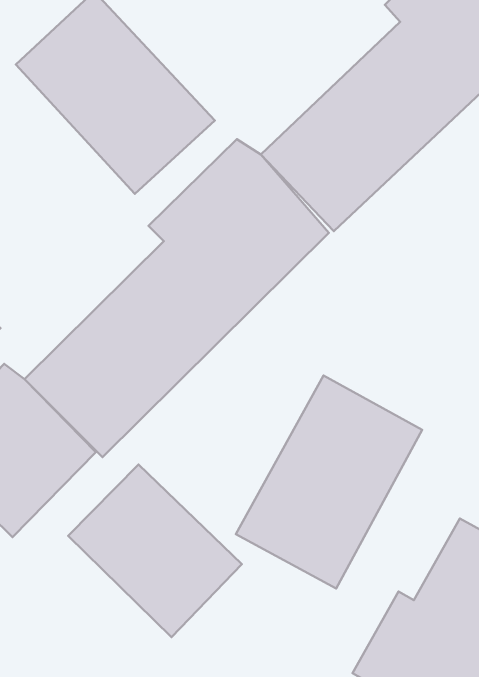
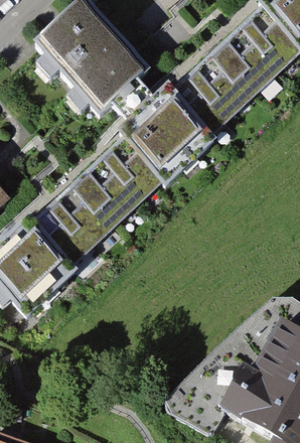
building: [236,375,422,588] -> none
building: [68,464,242,637] -> none

